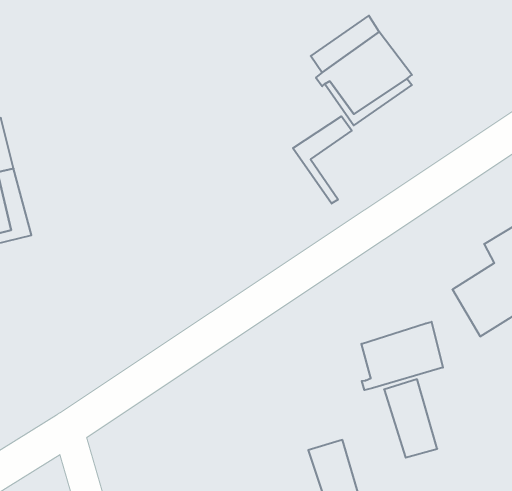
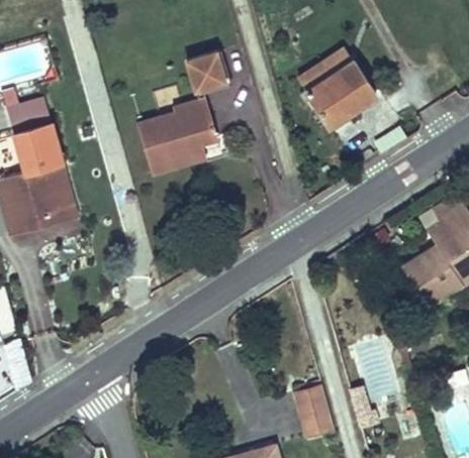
building: none -> [136,54,230,176]
building: [293,116,352,204] -> none
building: [361,322,443,390] -> none

